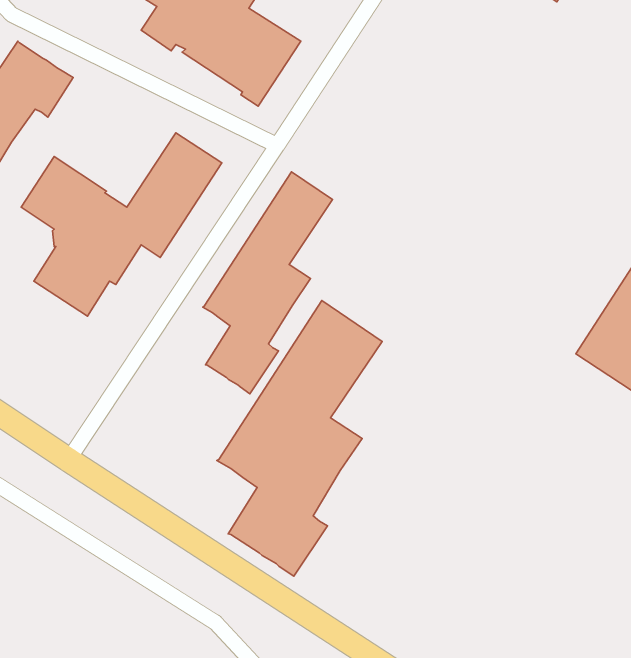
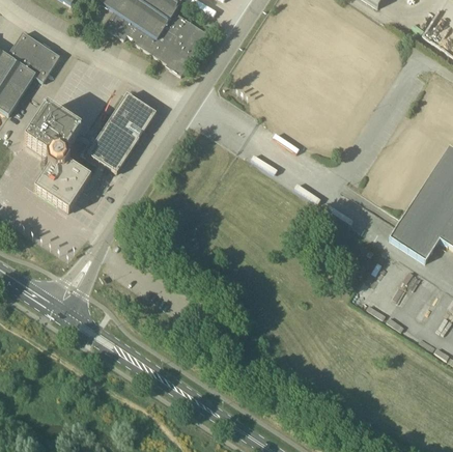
building: [203,172,333,394] -> none
building: [217,301,382,576] -> none

